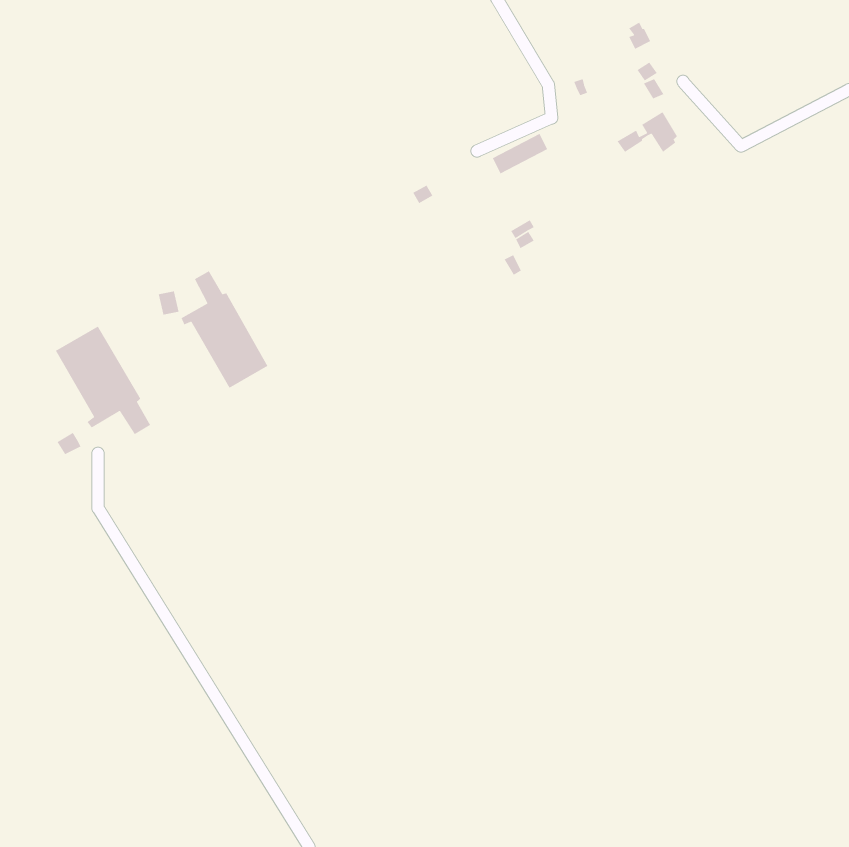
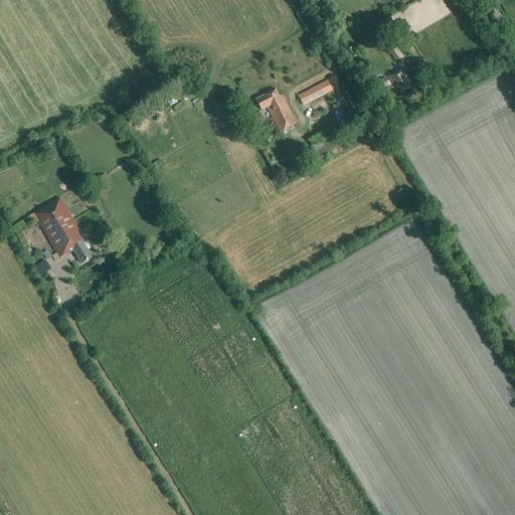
building: none -> [255,89,296,132]
building: [180,270,269,389] -> none

